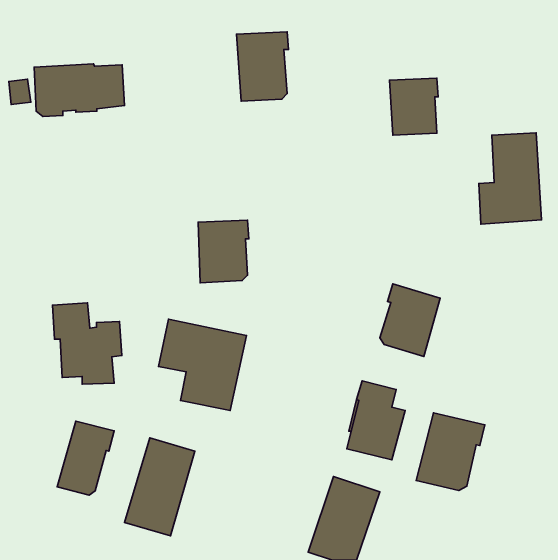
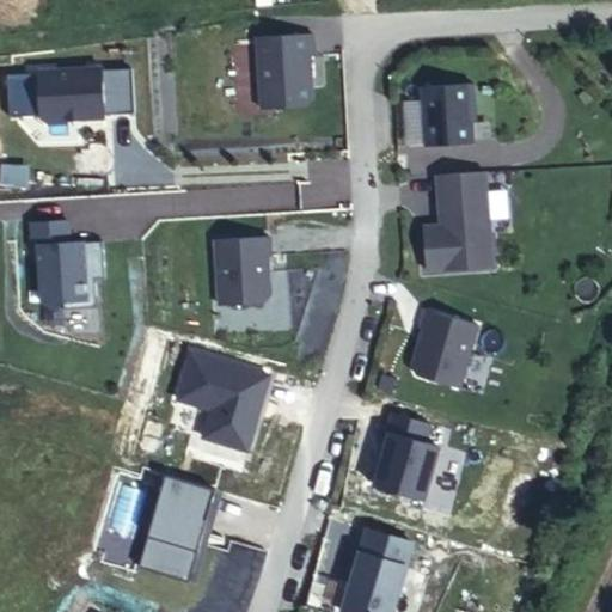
building: [479,133,542,224] -> [423,173,491,273]
building: [52,303,122,384] -> [30,225,105,313]
building: [416,413,485,490] -> none
building: [57,421,114,495] -> none

